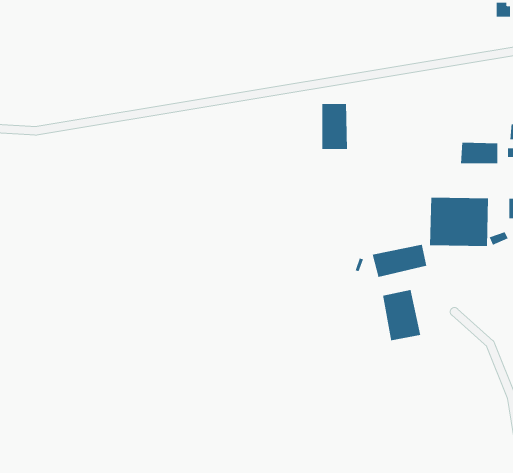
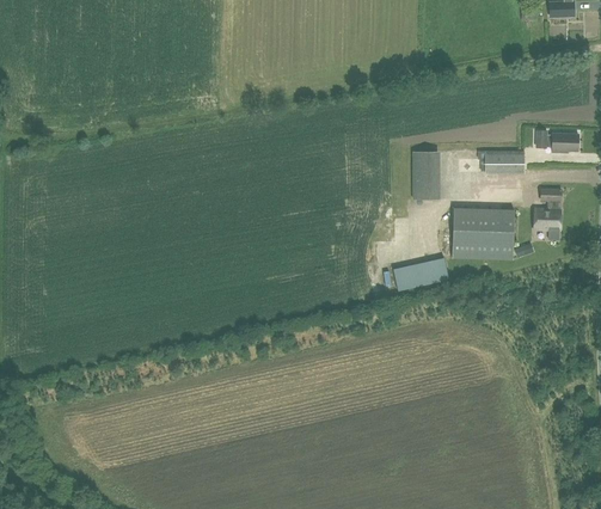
building: [322,103,348,149] -> [412,152,440,200]
building: [382,289,421,341] -> none

